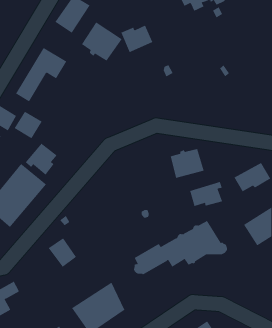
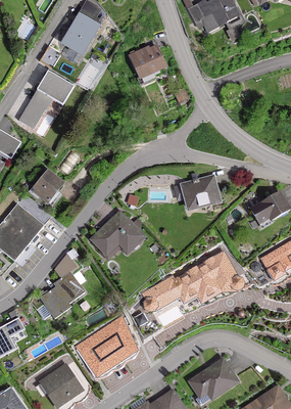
building: [81,22,122,61] -> none
building: [14,111,42,139] -> none
building: [190,181,223,207] -> none
building: none -> [92,213,140,251]
building: none -> [36,282,70,319]

